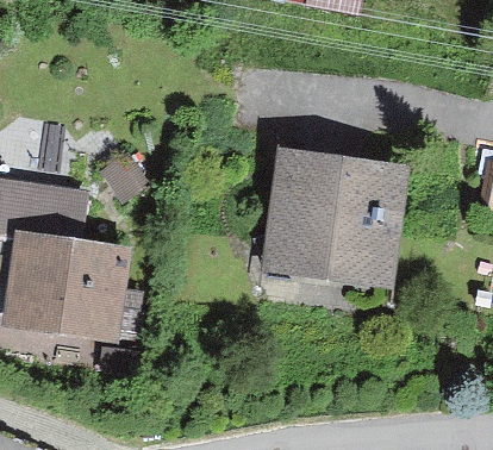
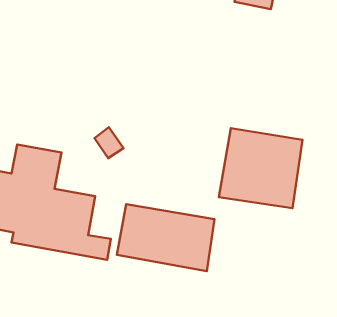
building: none -> [117,204,214,271]

